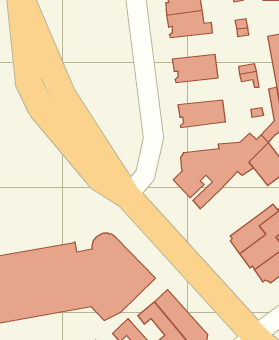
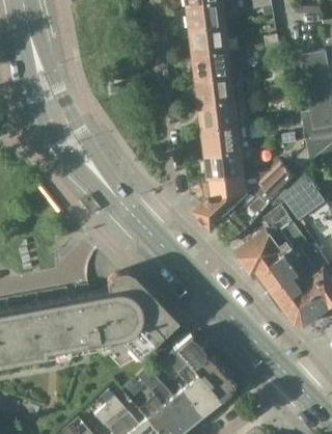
building: none -> [193,48,245,78]
building: none -> [199,99,251,129]
building: none -> [204,147,254,182]
building: none -> [236,204,307,278]

